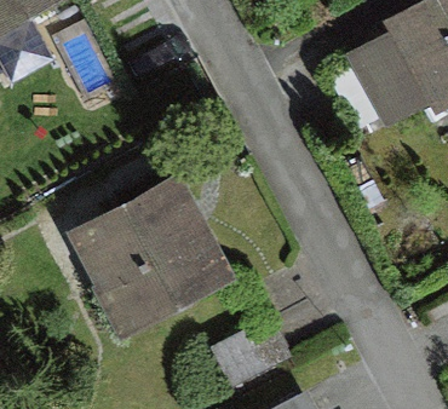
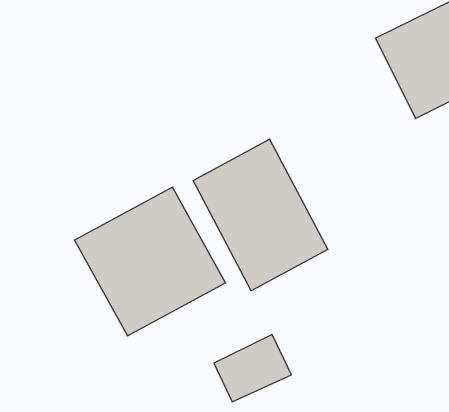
building: none -> [193,139,328,291]

